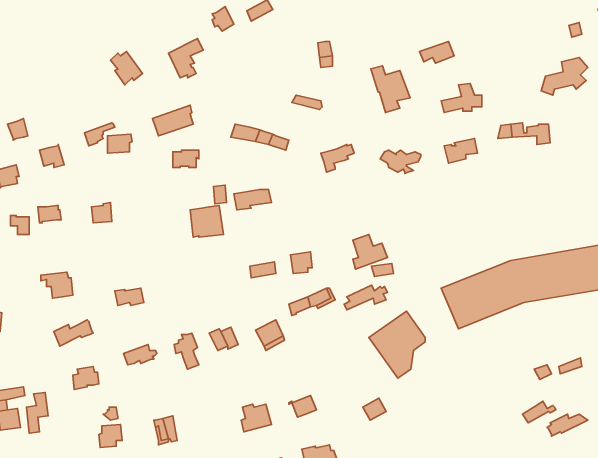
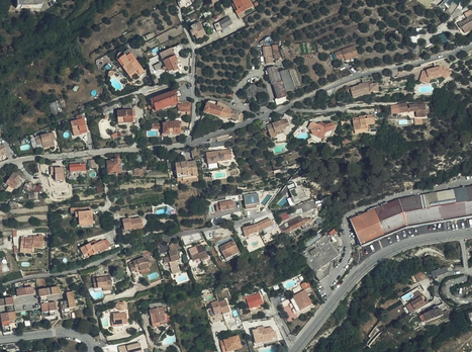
building: [371,66,410,112] -> [267,67,294,99]

